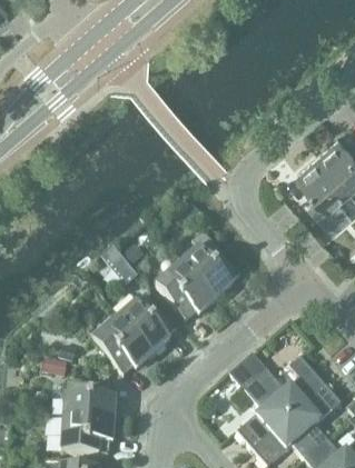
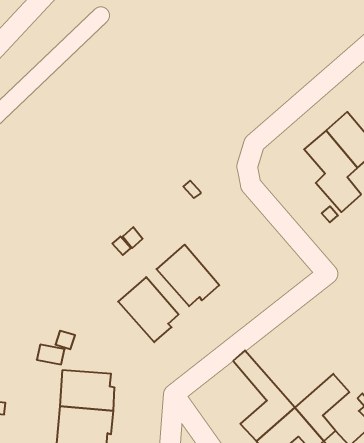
building: [183,233,240,302] -> none
building: [92,318,154,377] -> none
building: [240,355,325,419] -> none

